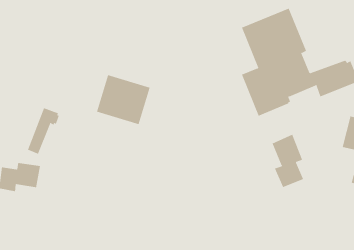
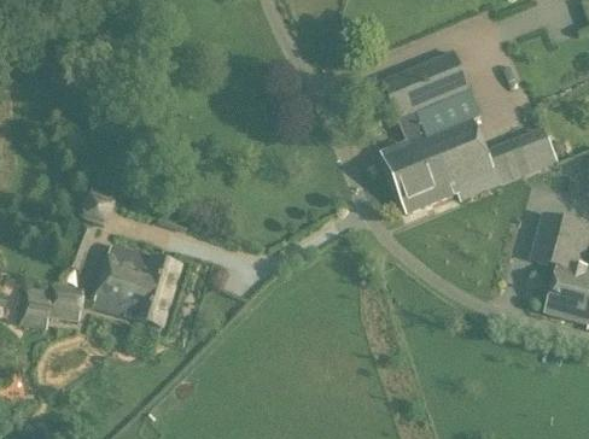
building: [96,75,151,125] -> [95,248,176,323]
building: [272,134,304,188] -> none

